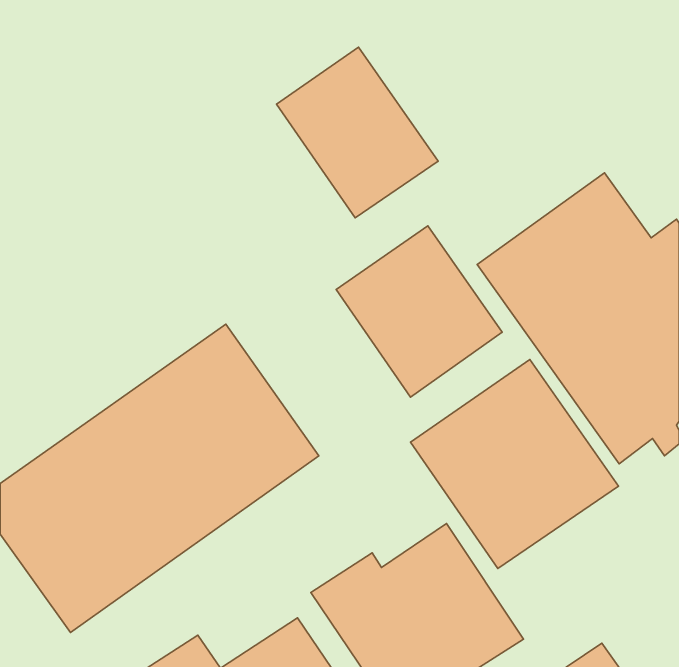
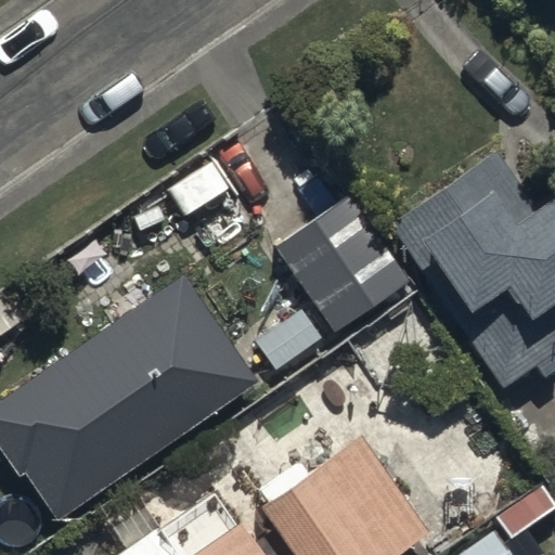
building: [277,47,438,218] -> none
building: [411,359,619,569] -> none

